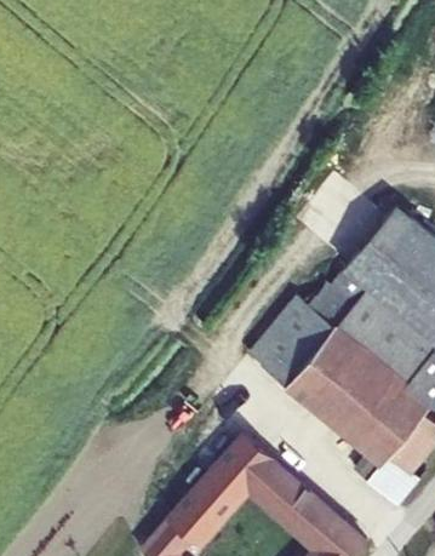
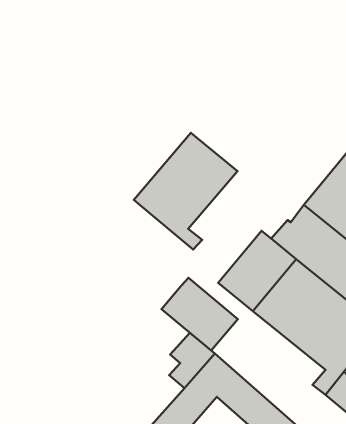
building: none -> [134,133,237,250]
building: none -> [162,278,238,350]

